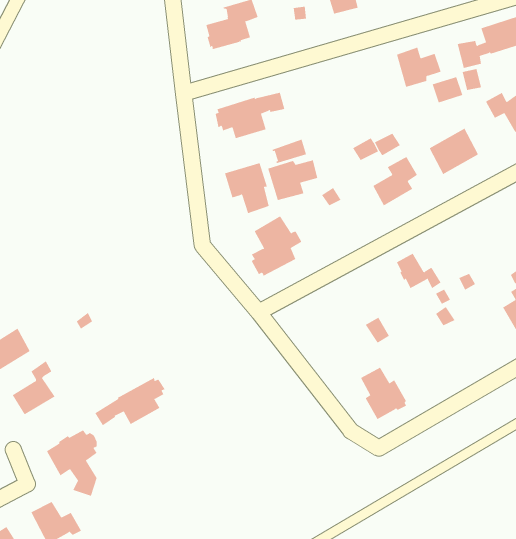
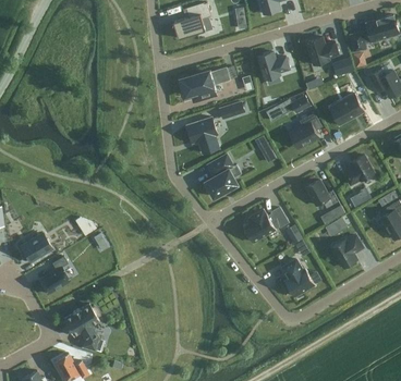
building: none -> [257,51,289,78]
building: [267,159,318,201] -> none
building: none -> [343,155,373,184]
building: none -> [243,207,287,242]
building: none -> [331,235,363,267]
building: [95,377,166,426] -> none

